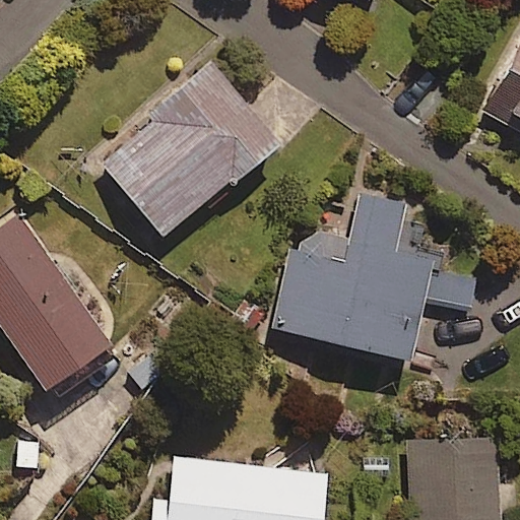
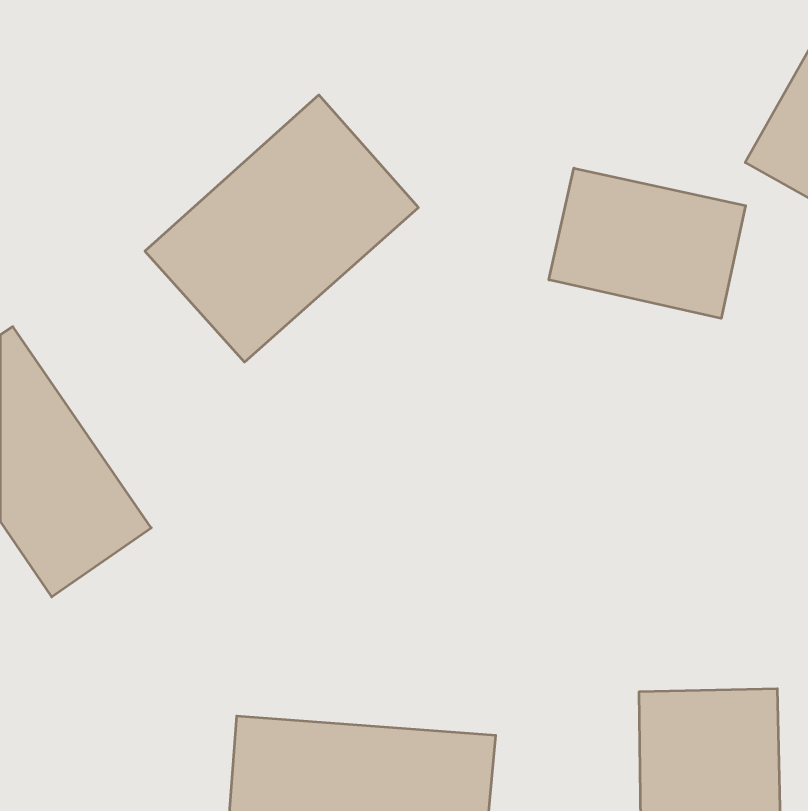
building: none -> [549,168,746,318]
building: [277,195,433,359] -> none

